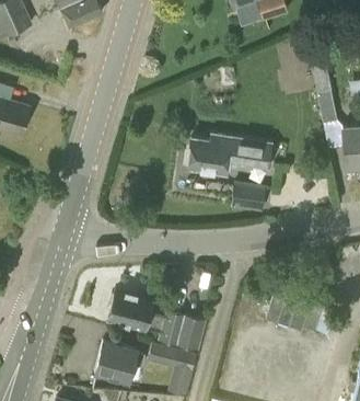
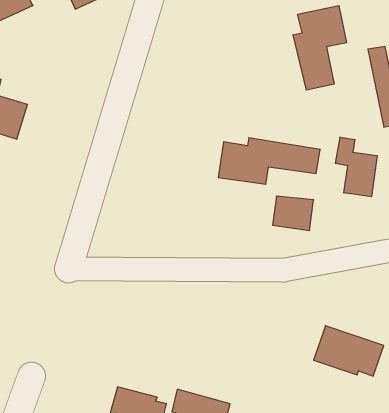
building: none -> [293,6,346,90]
building: none -> [335,137,377,197]
building: [108,288,206,347] -> none

